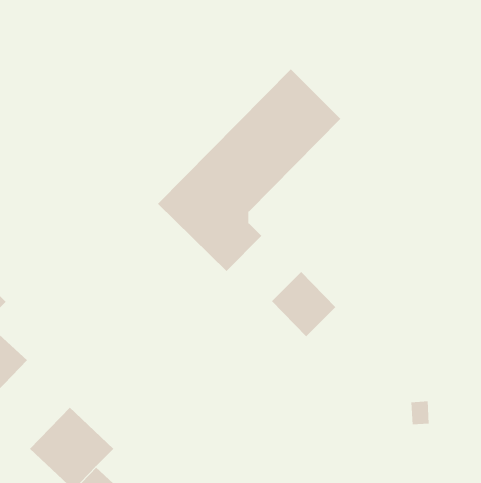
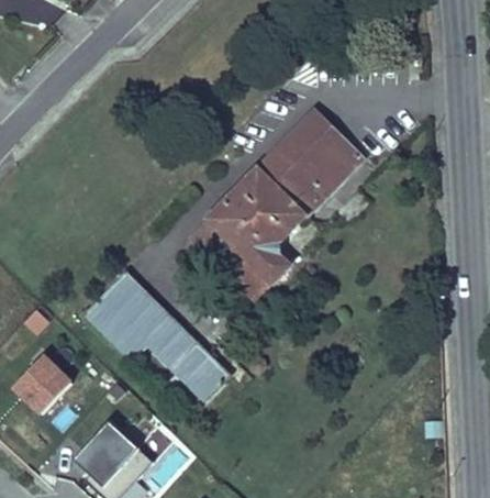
building: none -> [82,270,230,401]
building: [271,271,336,337] -> none

